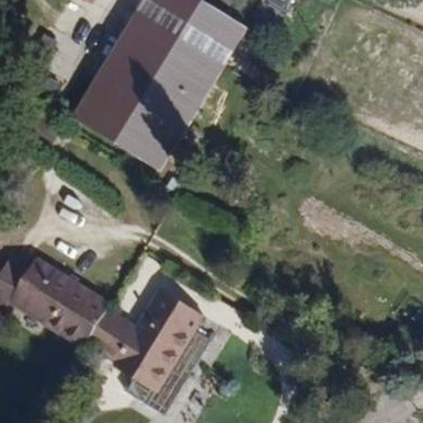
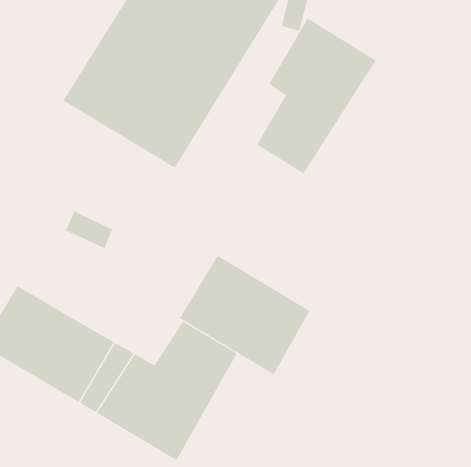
building: none -> [256,18,377,174]
building: none -> [179,255,310,375]

